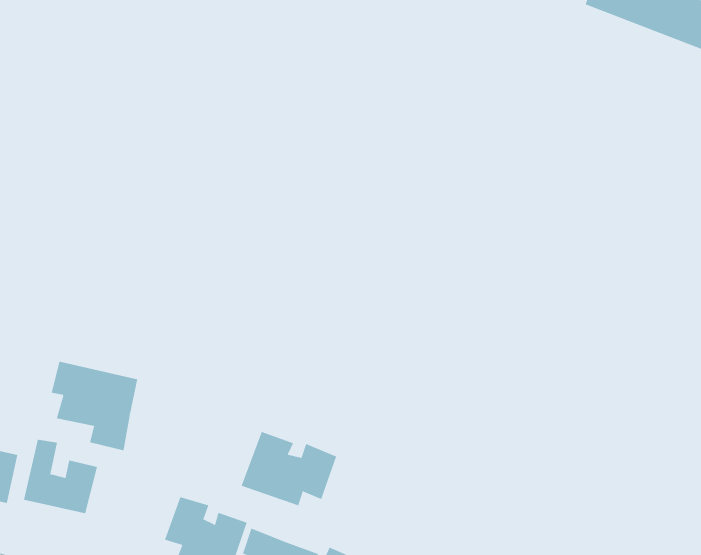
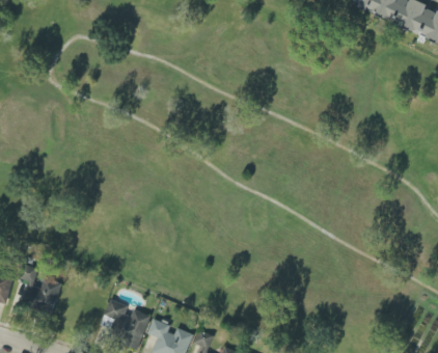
building: [51,361,138,451] -> none
building: [241,431,337,506] -> none

